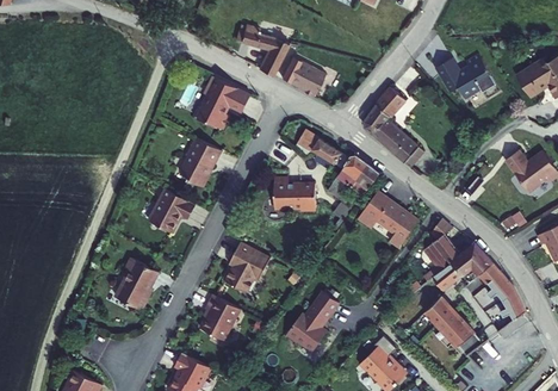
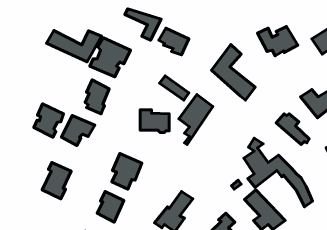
building: none -> [46,30,102,62]
building: none -> [34,104,64,137]
building: [352,193,411,252] -> none

